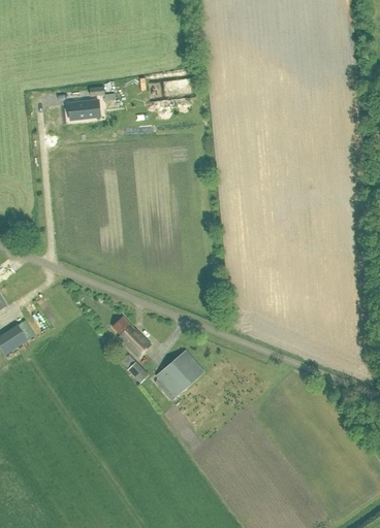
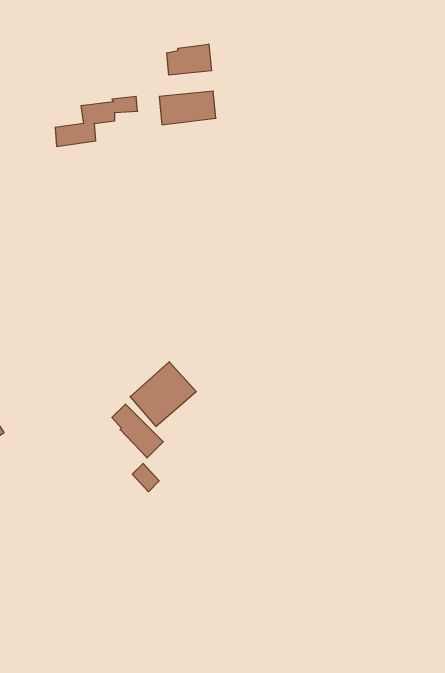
building: none -> [167,44,211,75]
building: [155,349,205,398] -> [130,362,196,426]

